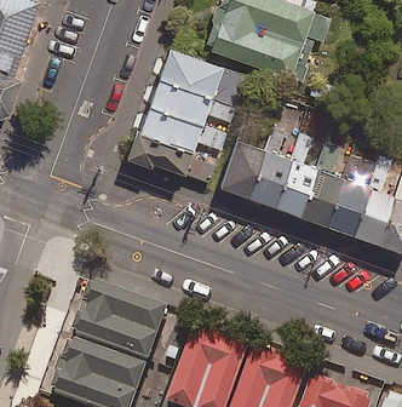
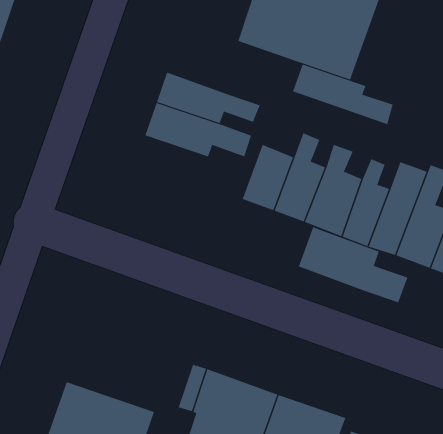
building: [155,46,219,97] -> none
building: [128,131,213,182] -> [292,64,394,125]
building: none -> [298,227,408,303]
building: [71,281,165,362] -> none

